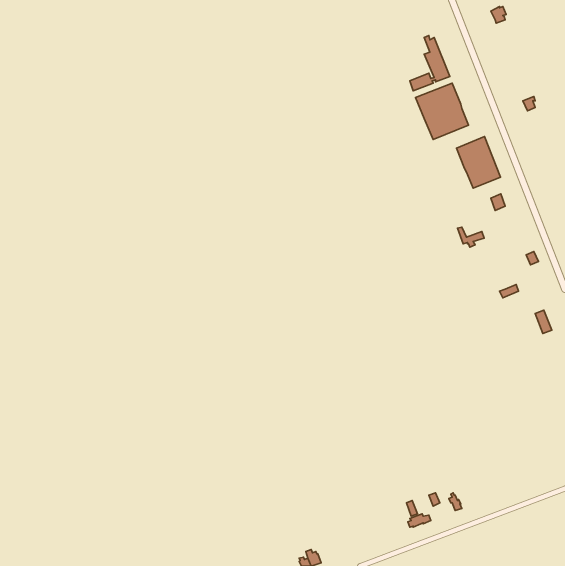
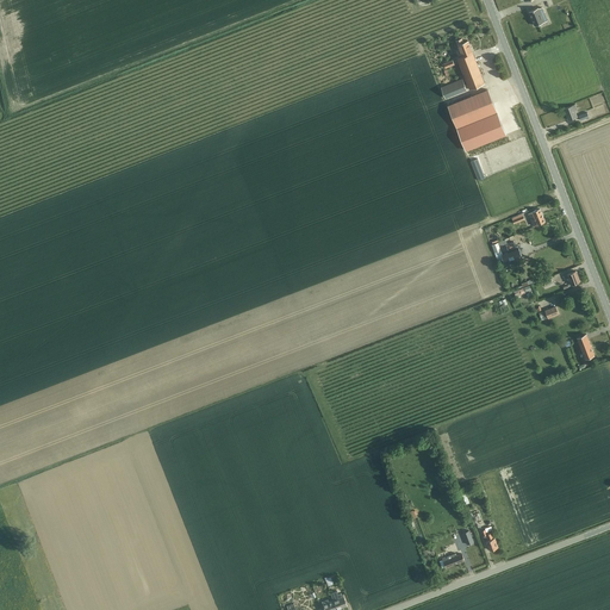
building: [457,136,500,188] -> none

